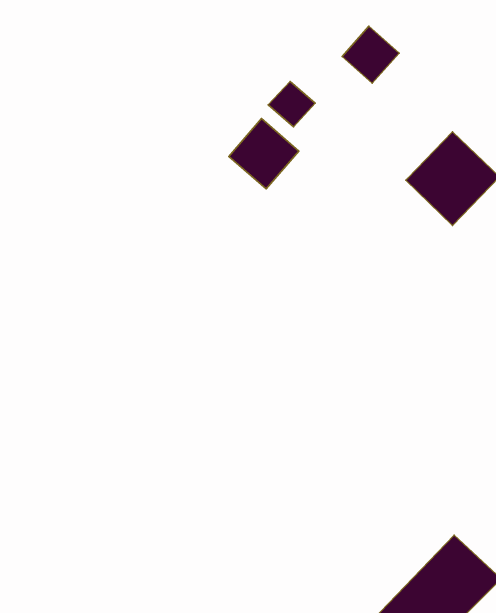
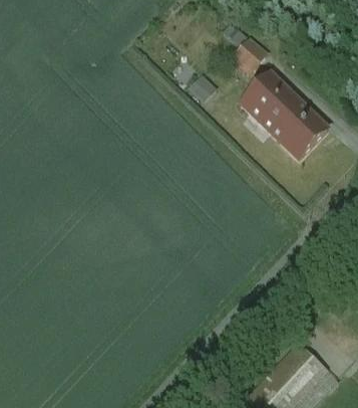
building: none -> [242,83,299,130]
building: [229,119,299,189] -> none

